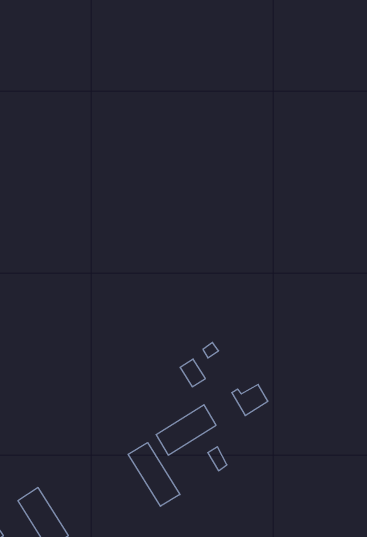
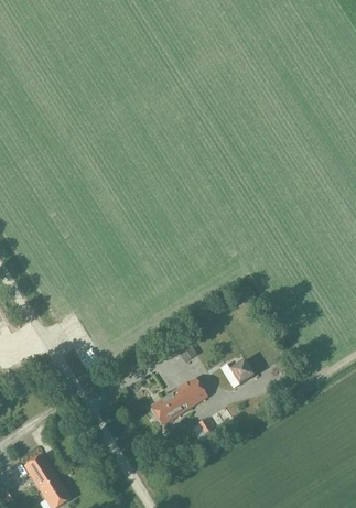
building: [128,443,180,506] -> none

